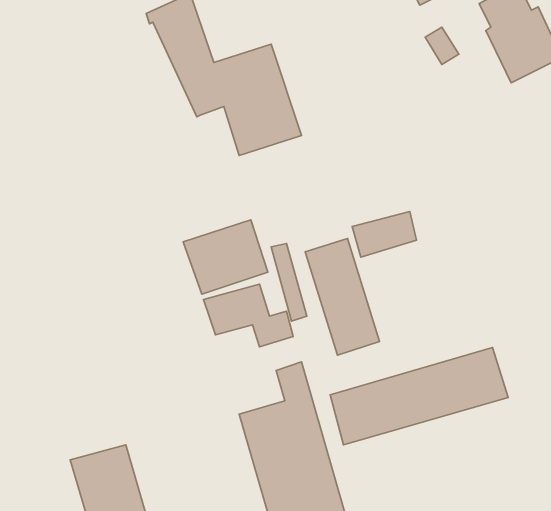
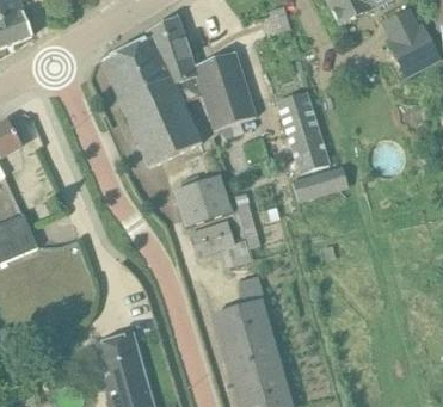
building: none -> [101,35,203,165]
building: [305,238,380,355] -> [277,90,330,172]
building: [330,347,508,445] -> none

